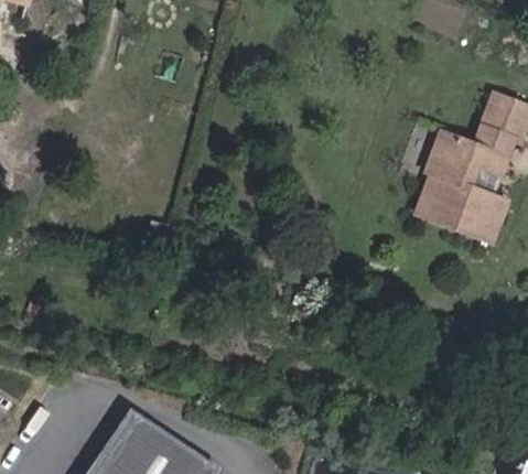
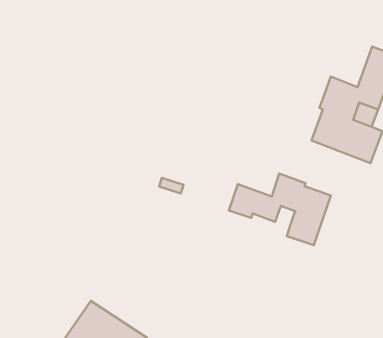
building: none -> [229,174,331,245]

